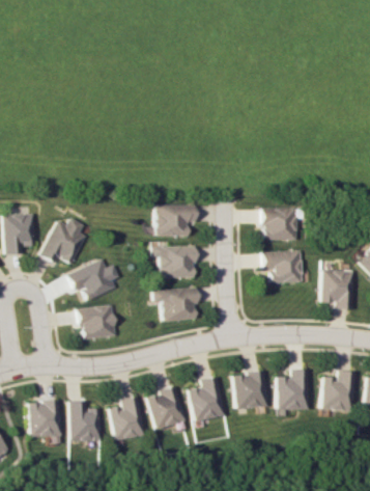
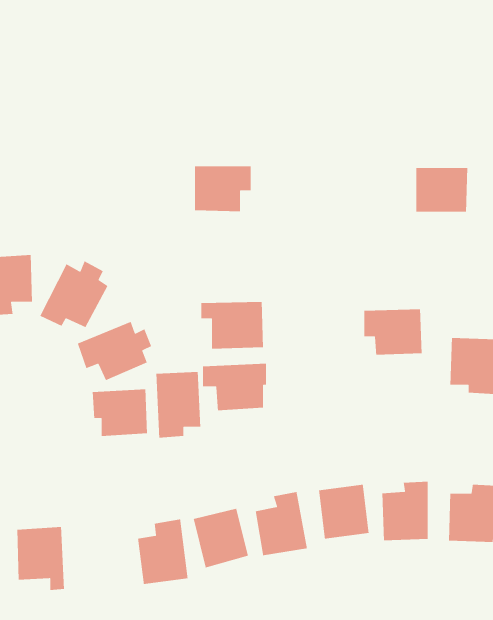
building: [155,204,195,237] -> [194,166,252,212]
building: [263,209,300,240] -> [416,167,468,213]
building: none -> [156,371,201,438]
building: [66,401,98,441] -> none

